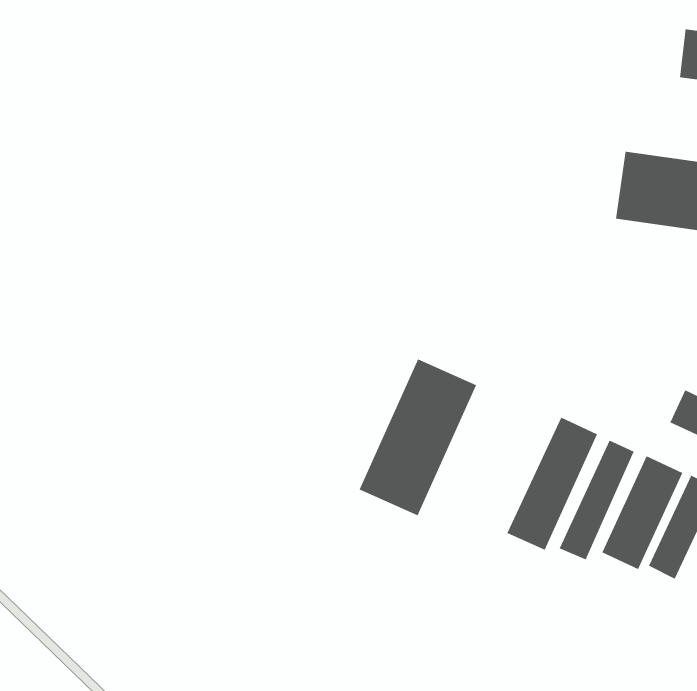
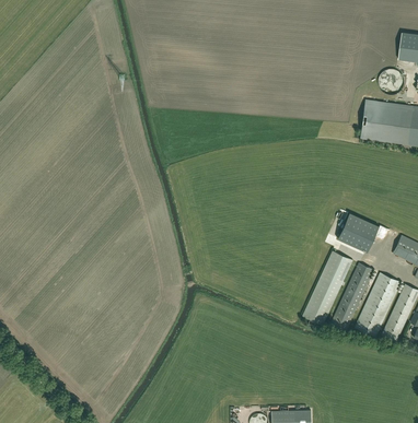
building: none -> [336,211,379,252]
building: [359,358,477,516] -> none

